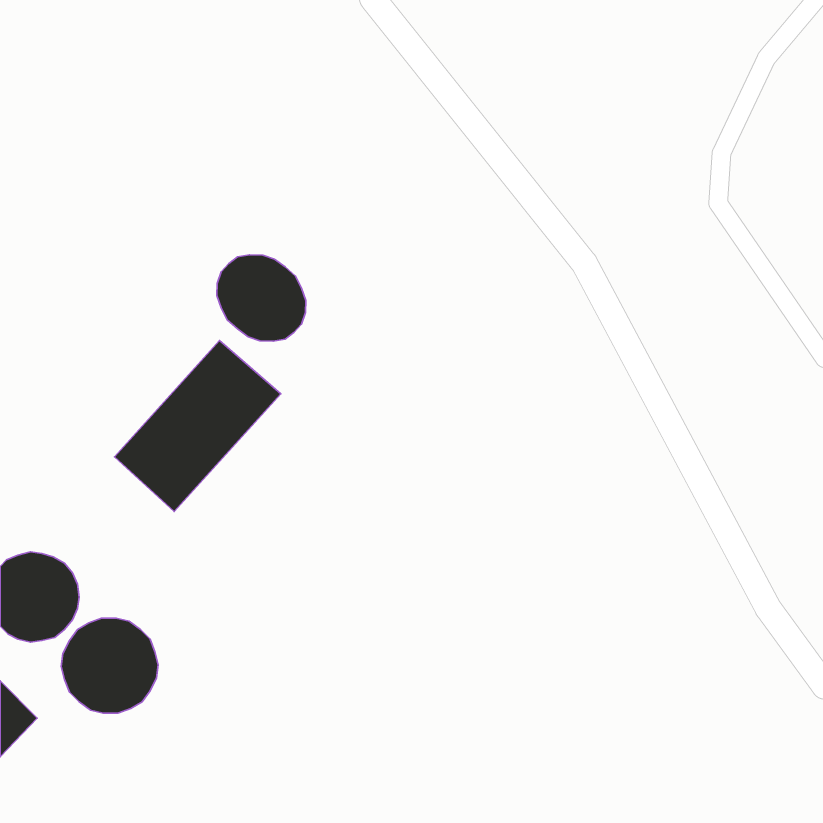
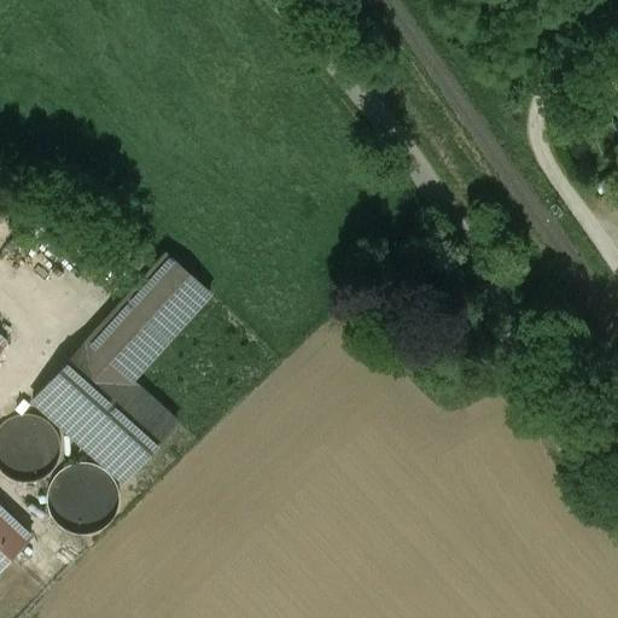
building: [217,255,306,341] -> none
building: none -> [34,342,176,480]

